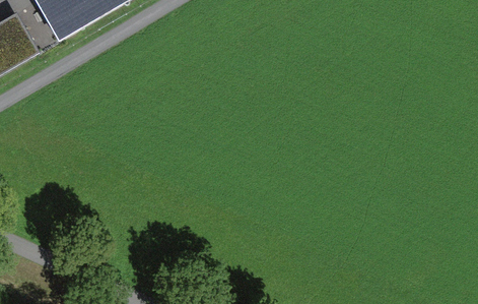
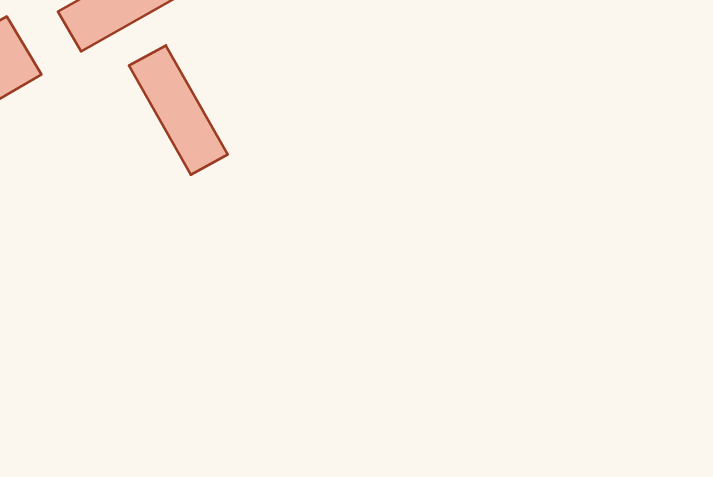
building: none -> [129,45,228,175]

